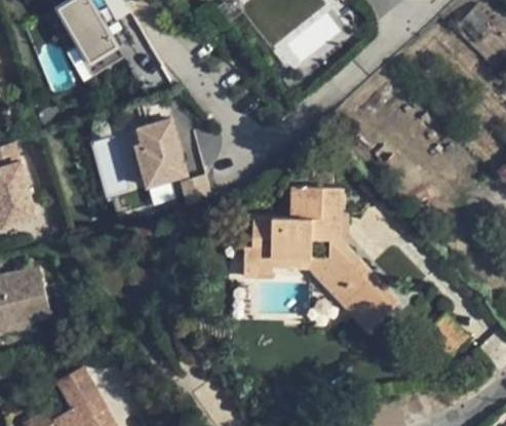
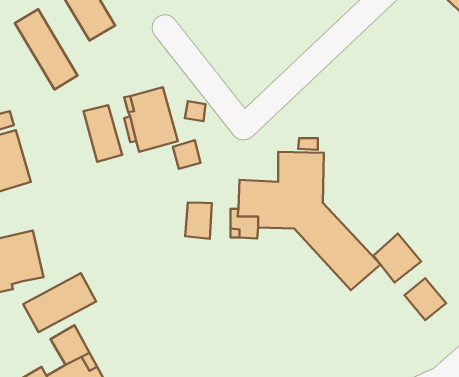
building: none -> [15,9,77,90]
building: none -> [185,203,212,239]
building: none -> [373,234,421,282]
building: none -> [23,273,96,332]

